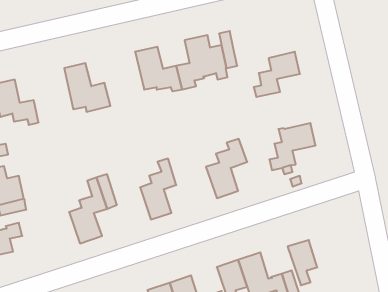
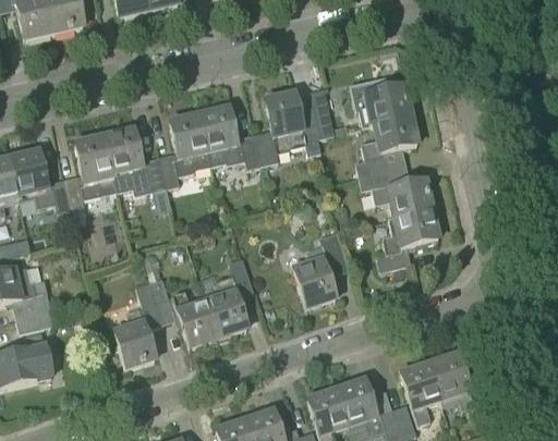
building: none -> [350,75,411,126]
building: none -> [159,114,211,186]
building: none -> [65,136,118,208]
building: none -> [360,168,432,217]
building: none -> [172,290,220,346]
building: none -> [429,354,475,409]

